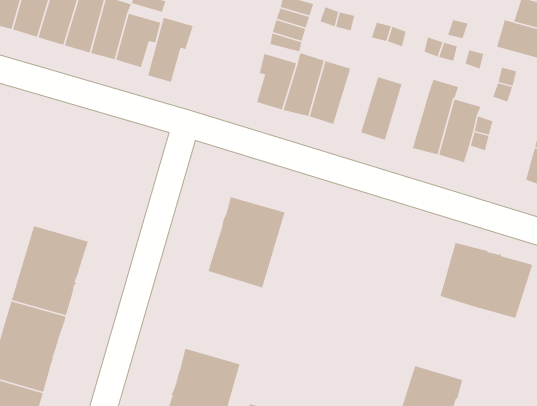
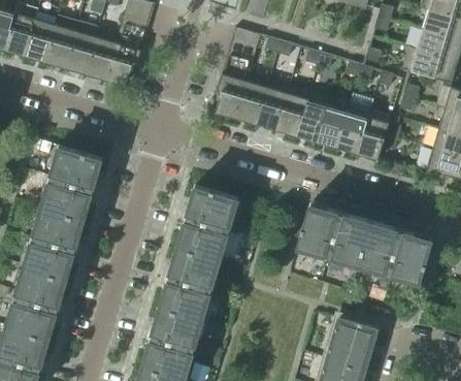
building: [147,17,194,83] -> none
building: none -> [276,85,310,135]
building: none -> [317,97,351,148]
building: none -> [41,145,102,220]
building: none -> [298,202,371,263]
building: none -> [160,244,221,316]

